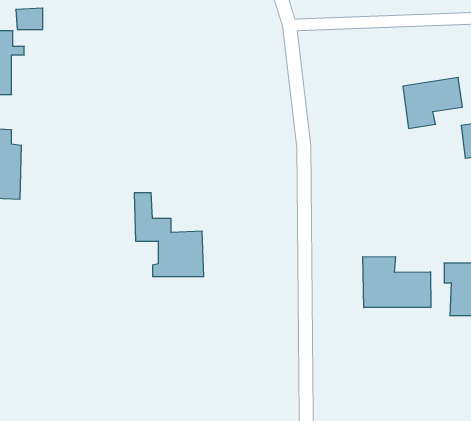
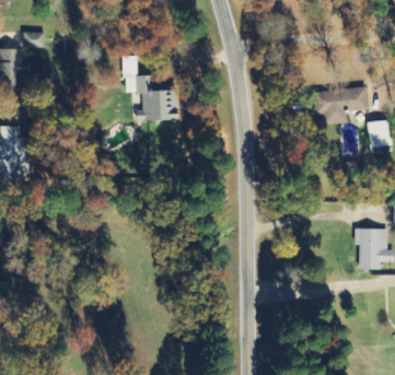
building: [134,193,204,276] -> [124,55,177,119]
building: [363,257,431,308] -> none

